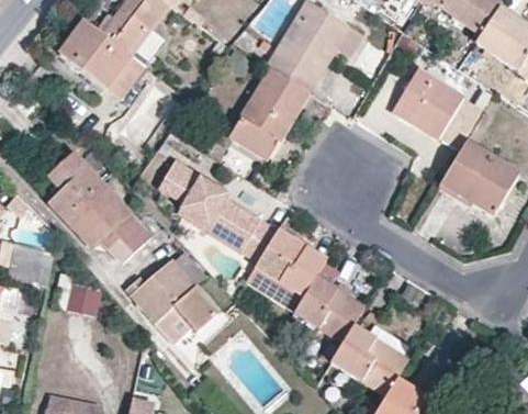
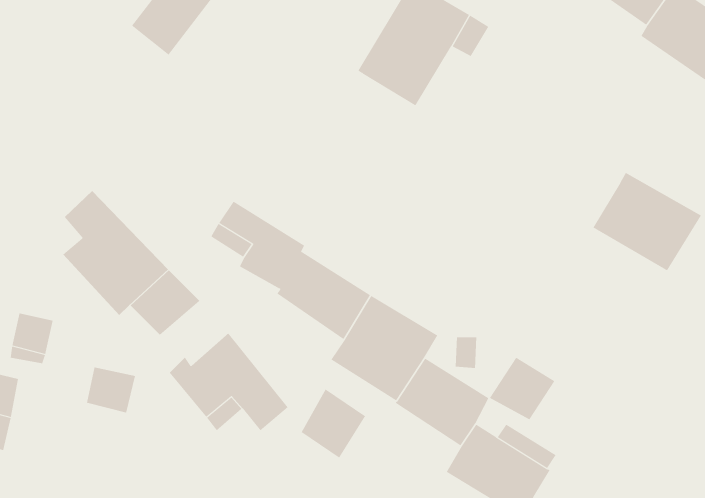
building: [58,20,142,98] -> none
building: [227,68,308,161] -> none
building: [392,70,482,148] -> none
building: none -> [489,357,555,420]
building: none -> [301,389,366,458]

